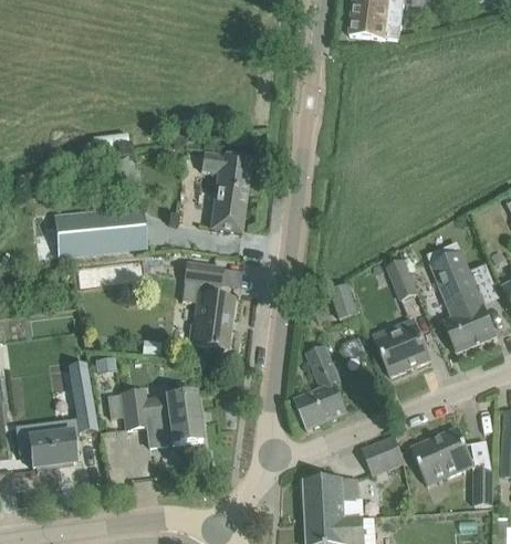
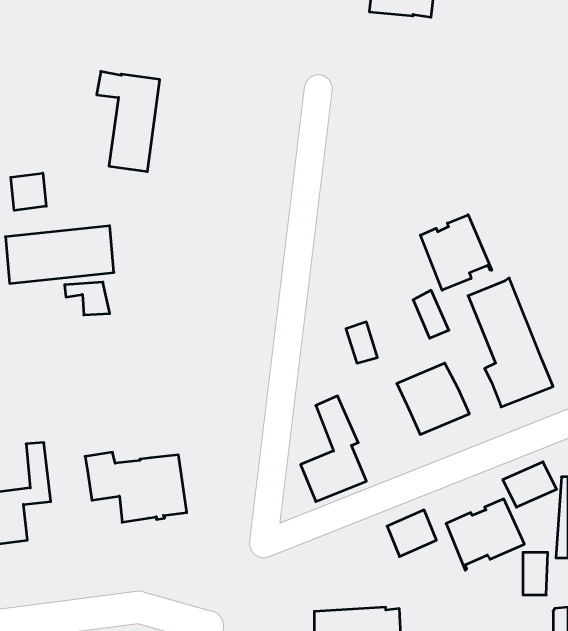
building: [200,150,251,231] -> [97,71,160,172]
building: none -> [11,173,46,210]
building: none -> [420,215,492,290]
building: [182,262,233,347] -> none
building: none -> [503,462,556,507]
building: [303,477,363,517] -> none

